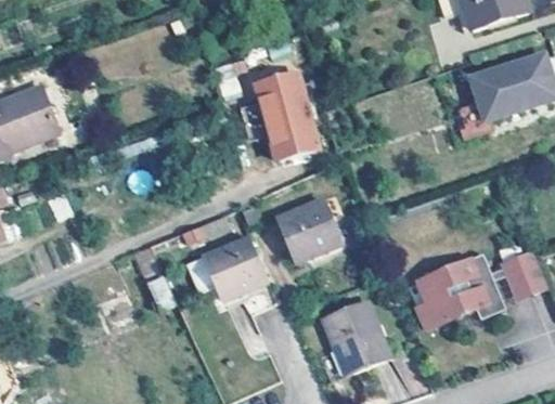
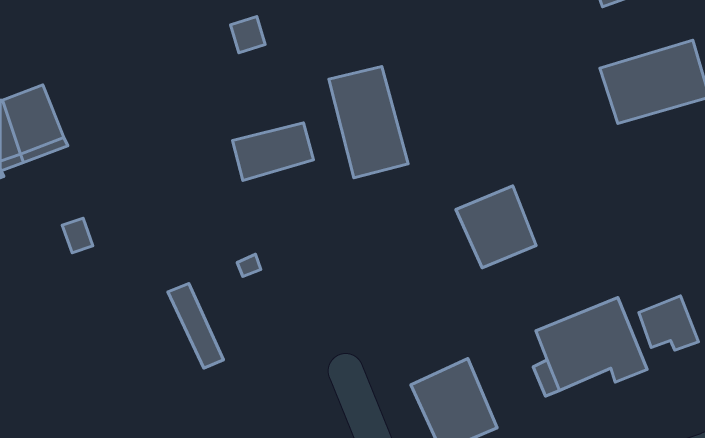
building: none -> [233,123,314,181]
building: [274,197,337,261] -> [456,186,536,268]
building: [203,237,267,301] -> none

